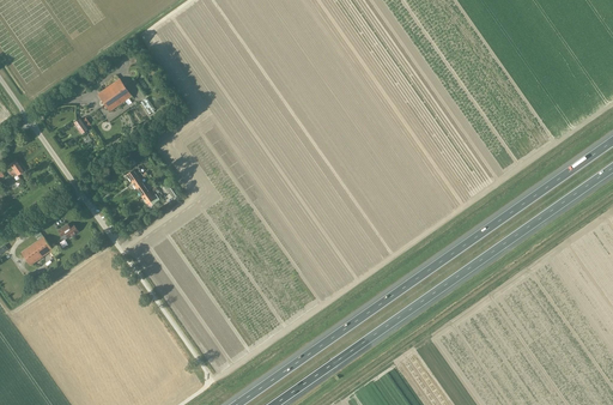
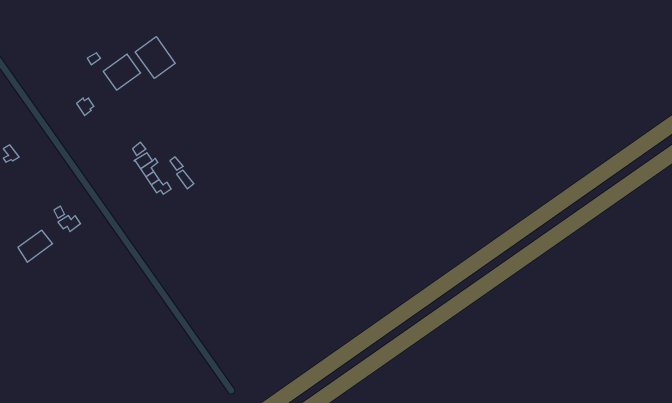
building: none -> [135,37,175,78]

